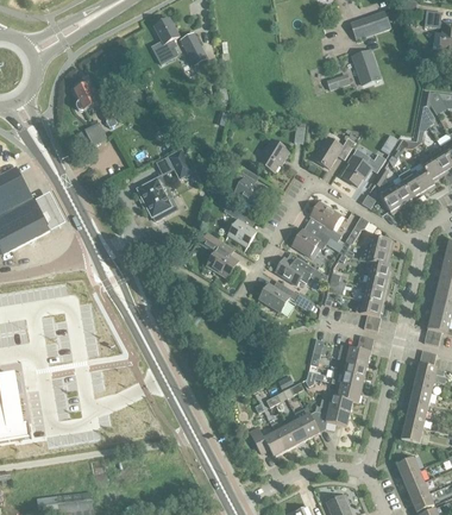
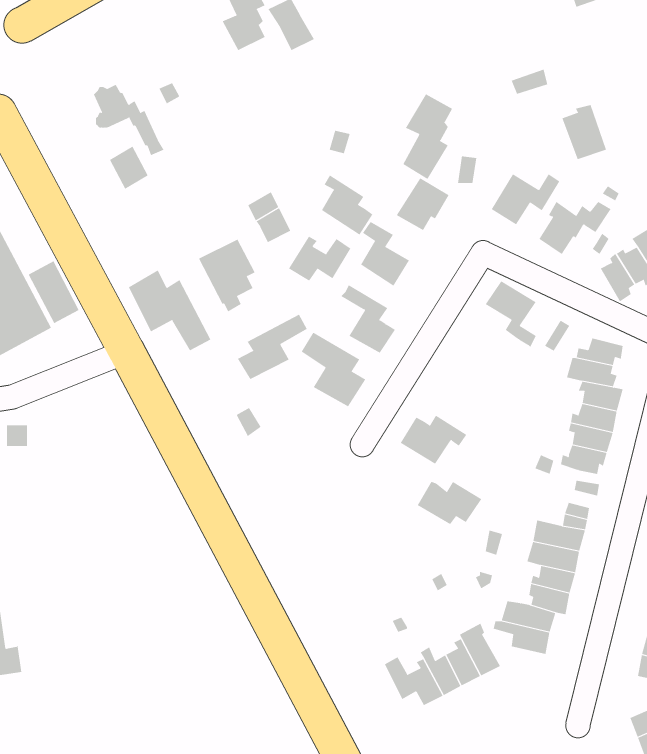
building: [352,50,379,83] -> [561,104,607,160]
building: none -> [403,93,453,180]
building: none -> [321,174,373,235]
building: none -> [288,236,351,281]
building: none -> [128,270,211,351]
building: none -> [237,314,308,380]
building: [291,228,329,255] -> none
building: [275,257,314,283] -> [417,481,482,525]

